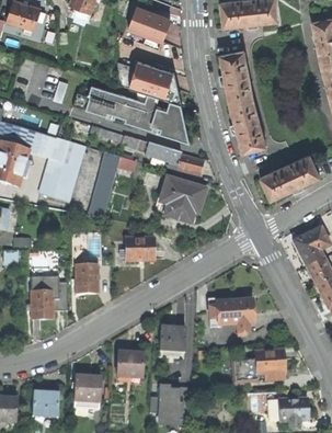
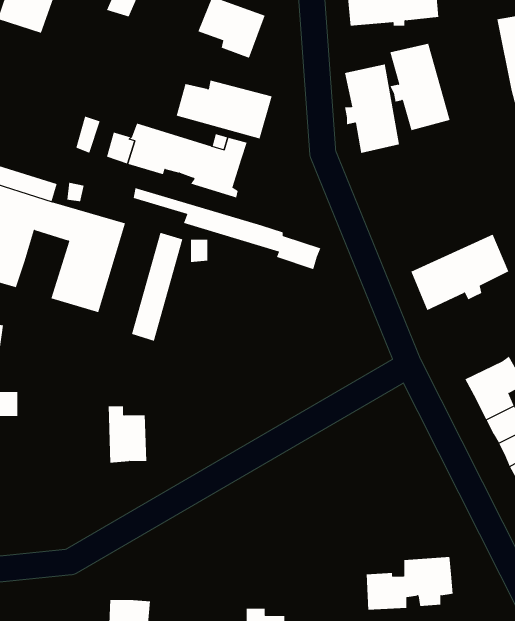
building: [229,98,266,151] -> [389,43,450,131]
building: [151,100,191,141] -> none
building: [156,175,206,223] -> none
building: [119,236,153,260] -> none
building: [30,284,54,319] -> none
building: [208,298,254,333] -> none
building: [160,327,185,353] -> none
building: [117,352,144,378] -> none

